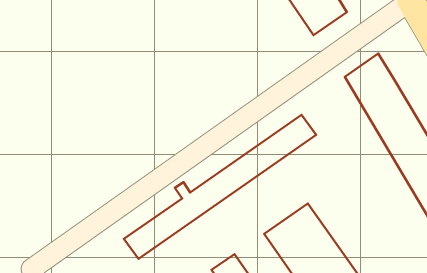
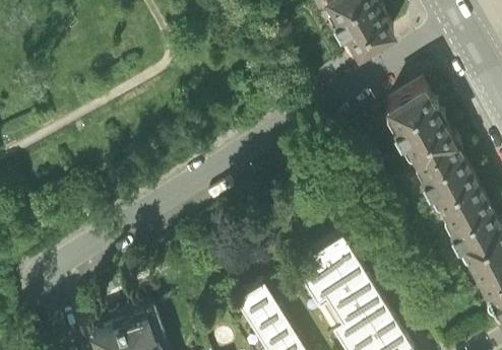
building: [124,115,316,259] -> none

